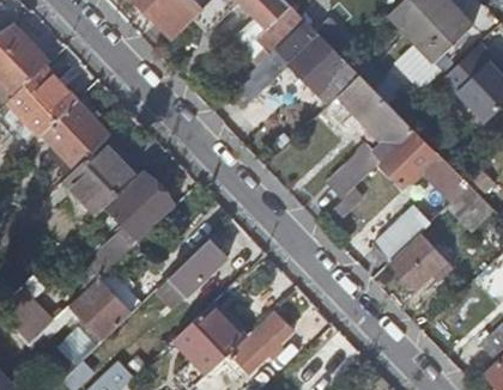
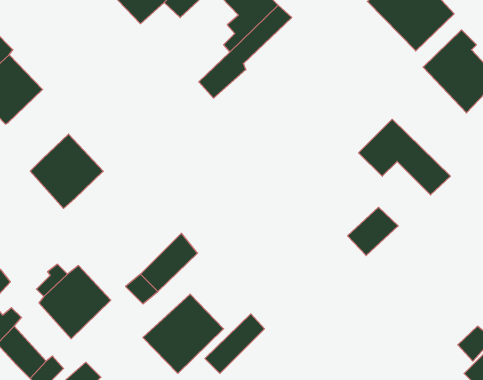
building: [291,37,346,90] -> none
building: [323,75,412,200] -> none
building: [41,102,108,169] -> none
building: [101,173,174,267] -> none
building: [446,185,493,232] -> none
building: [389,234,450,292] -> none

